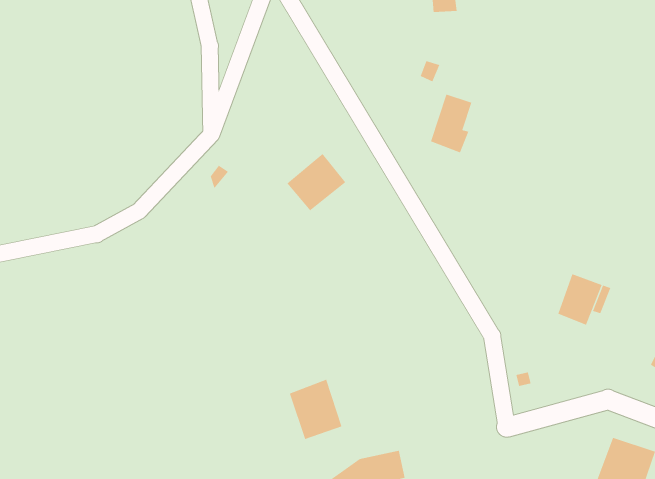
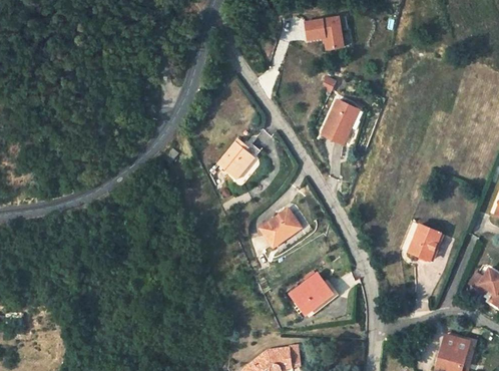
building: none -> [269,208,310,243]
building: none -> [289,273,333,314]
building: [289,379,342,440] -> none

